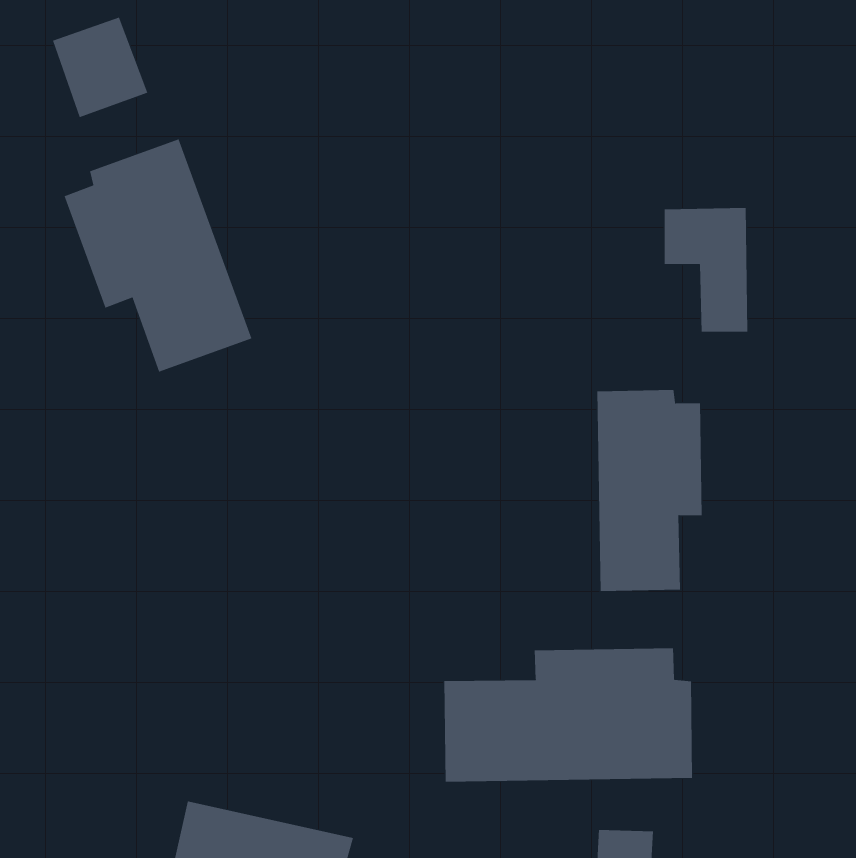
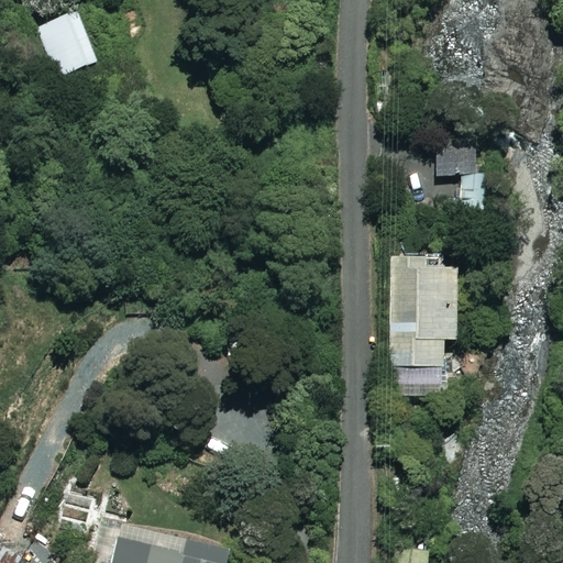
building: [64,139,252,372] -> none
building: [444,647,693,783] -> none

